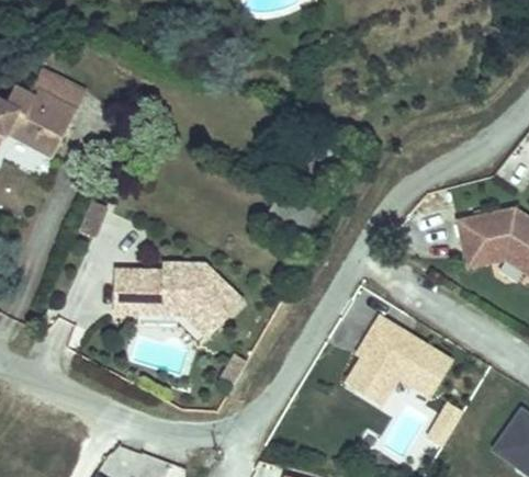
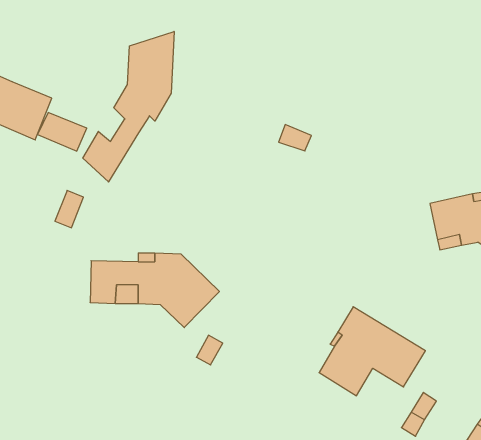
building: none -> [83,31,174,182]
building: [37,73,87,112] -> [37,113,87,151]

